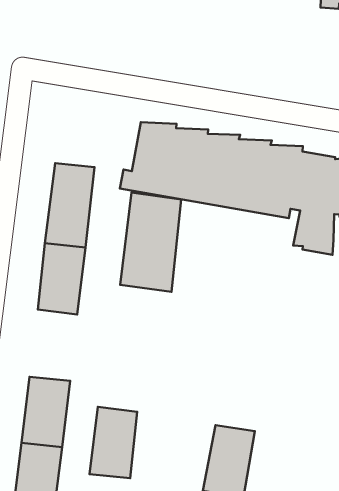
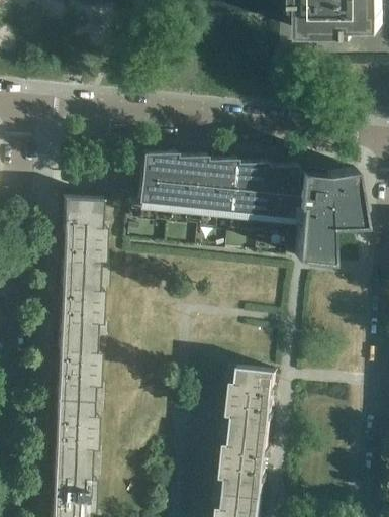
building: [120,193,181,292] -> none
building: none -> [233,368,278,434]
building: [90,407,137,478] -> [56,335,96,400]

